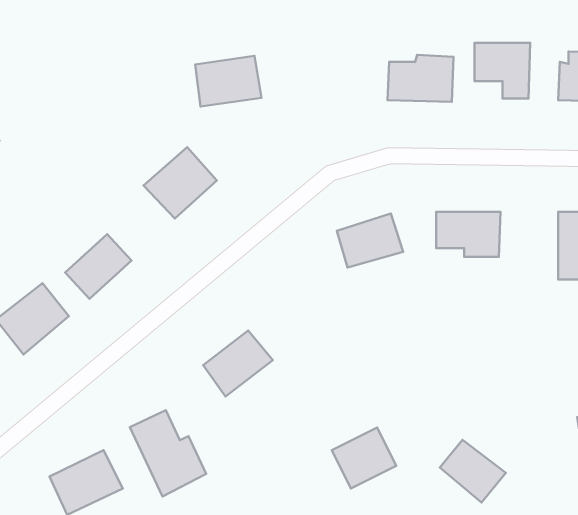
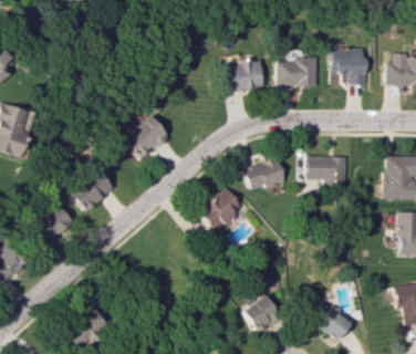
building: [195,56,261,106] -> [222,60,264,92]
building: [203,330,273,397] -> [199,188,243,230]
building: [130,410,206,496] -> none

